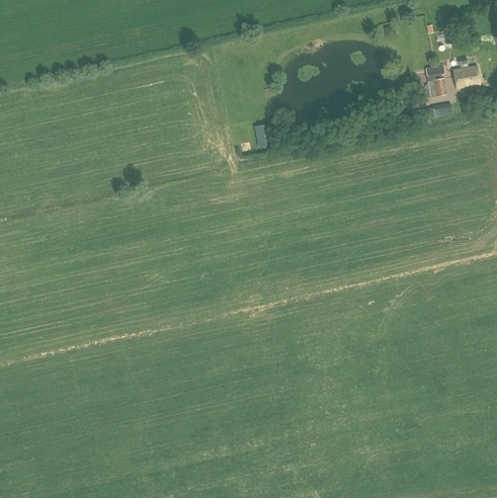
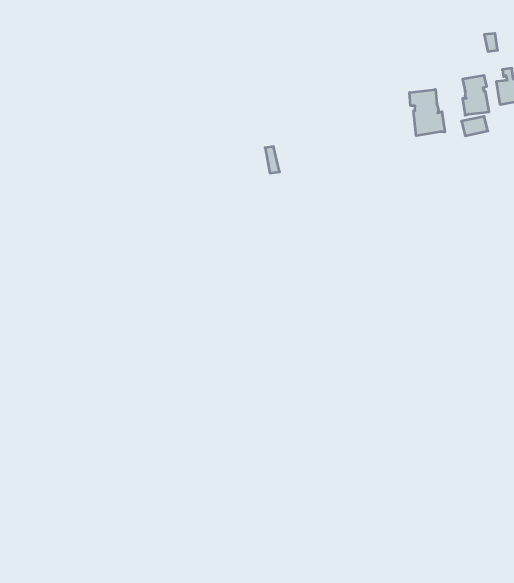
building: none -> [410,89,445,136]

